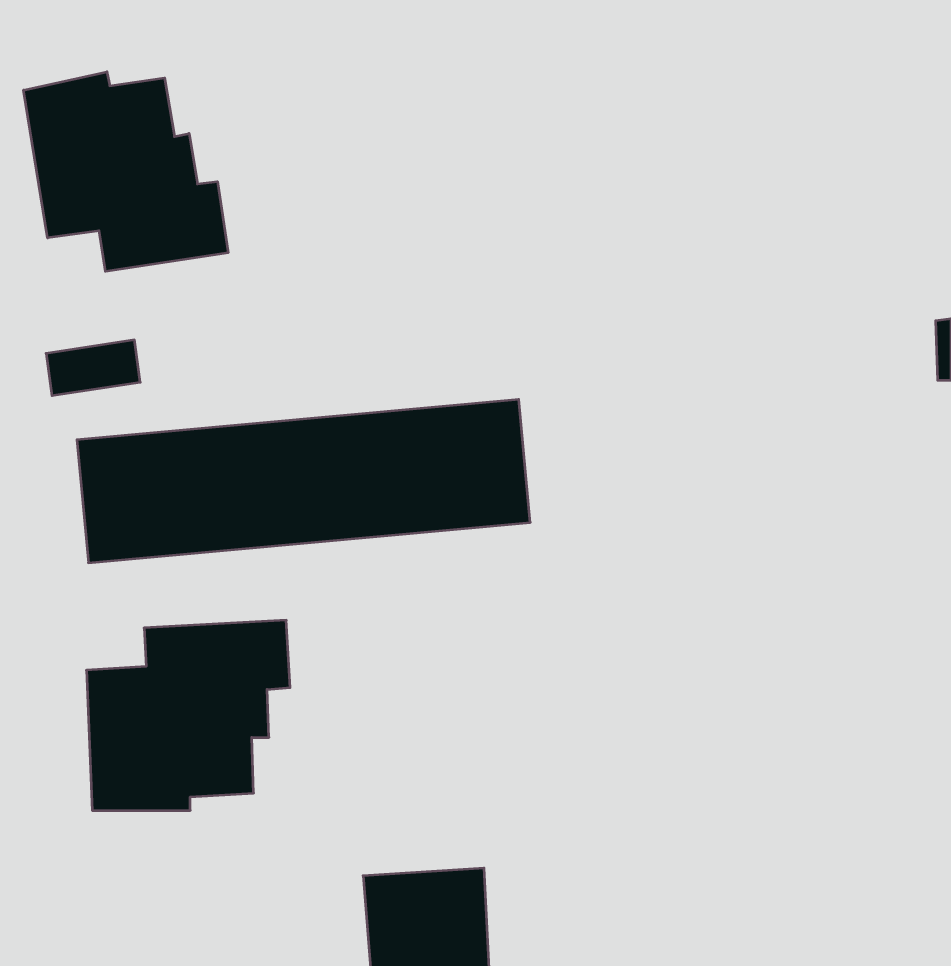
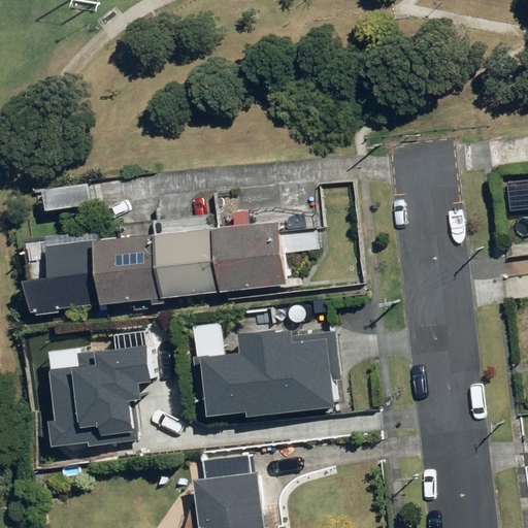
building: [24,72,228,271] -> none
building: none -> [204,325,334,416]

